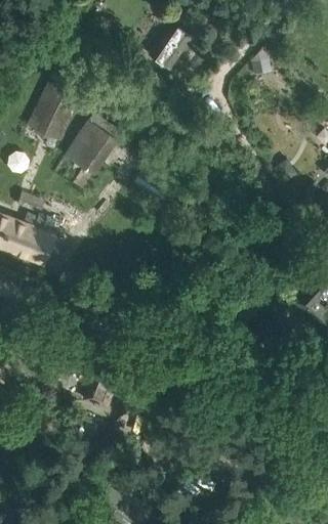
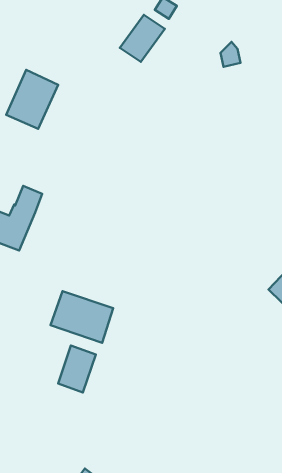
building: [63,118,122,175] -> none
building: none -> [50,291,113,343]

